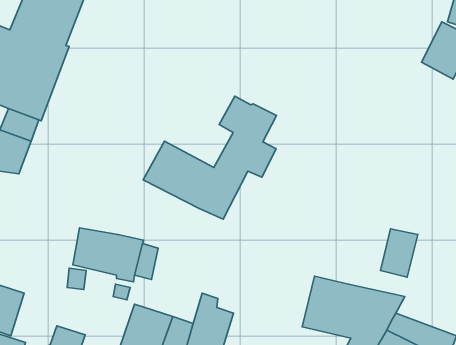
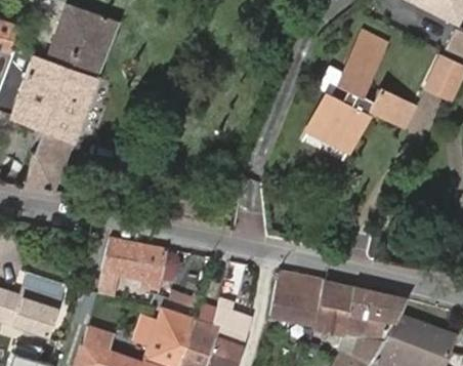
building: none -> [310,35,411,151]
building: [143,96,277,219] -> none
building: [380,229,418,277] -> none
building: none -> [269,273,324,328]

